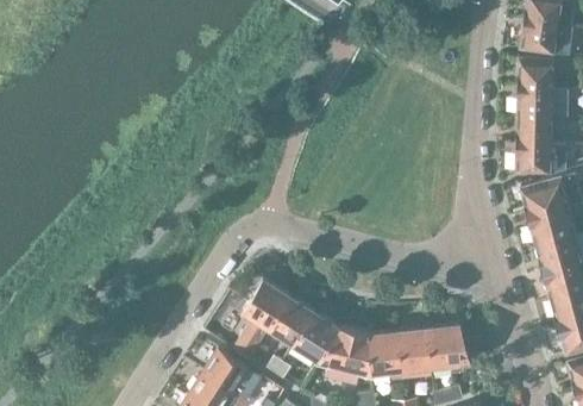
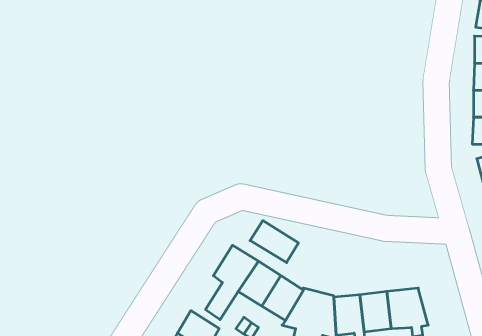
building: none -> [250,221,298,263]

